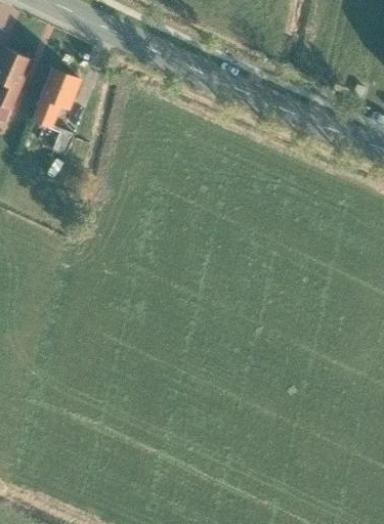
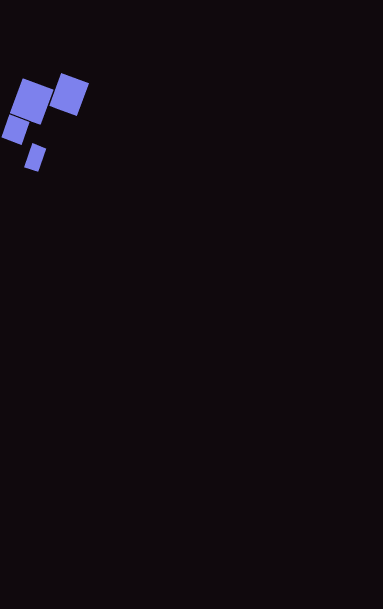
building: none -> [48,72,90,117]

